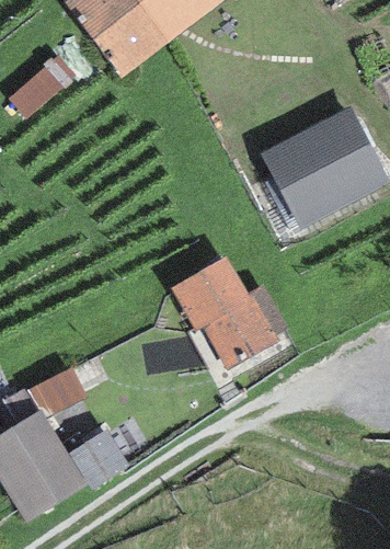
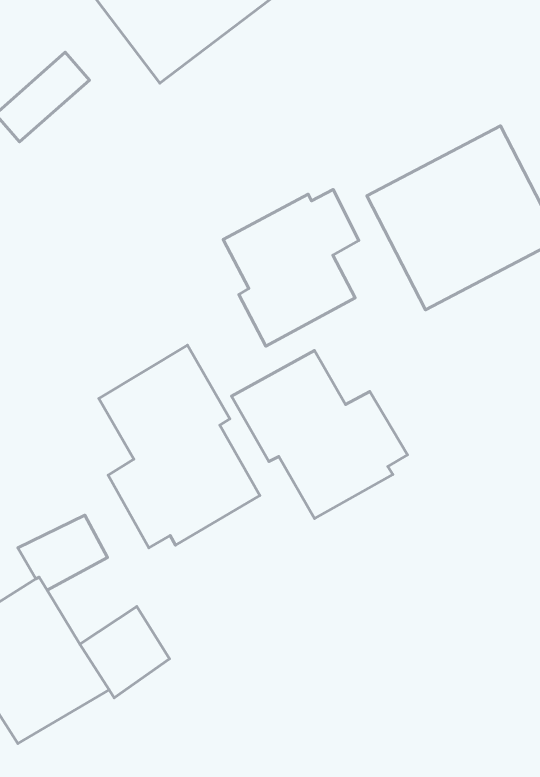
building: none -> [223,190,359,346]
building: none -> [99,345,260,548]

